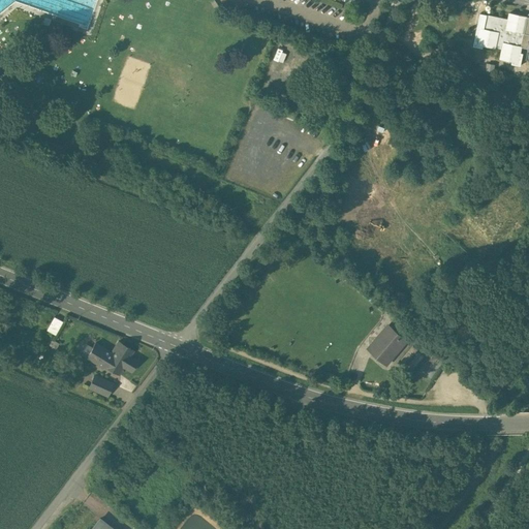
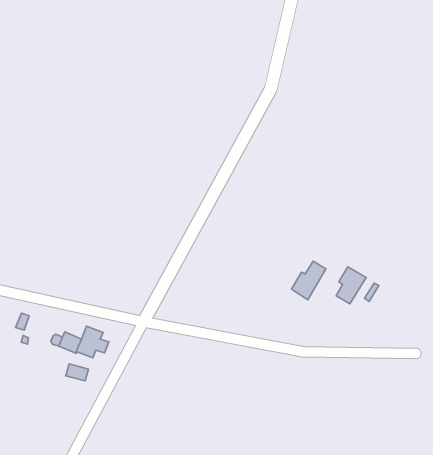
building: none -> [291,261,326,300]

